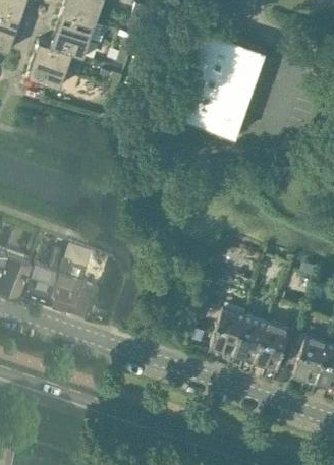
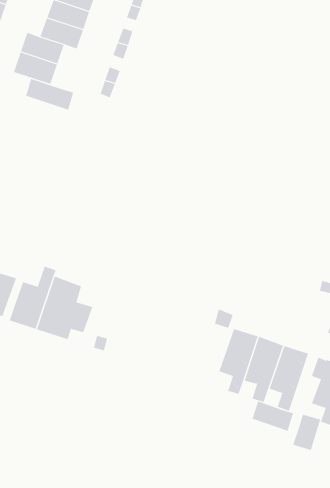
building: [173,32,265,137] -> none
building: none -> [25,78,74,110]
building: none -> [252,401,294,431]
building: none -> [293,414,321,451]

